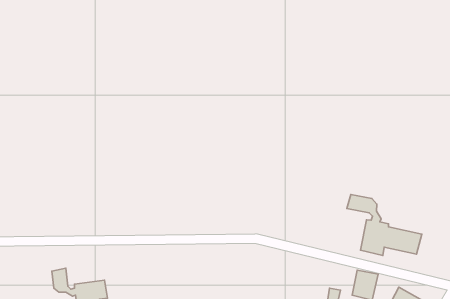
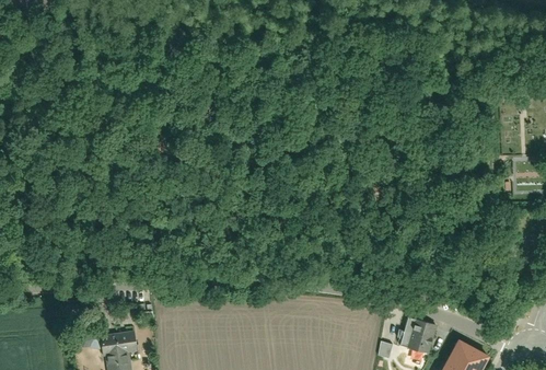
building: [347,194,422,255] -> none

